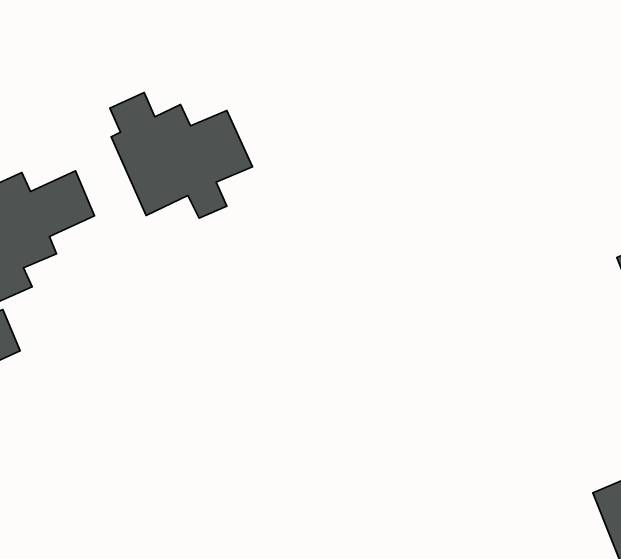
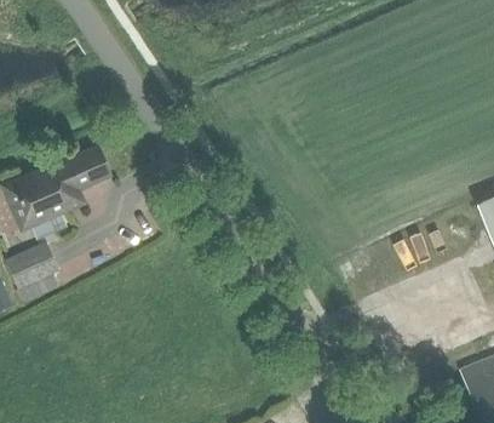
building: [110,93,252,218] -> none

